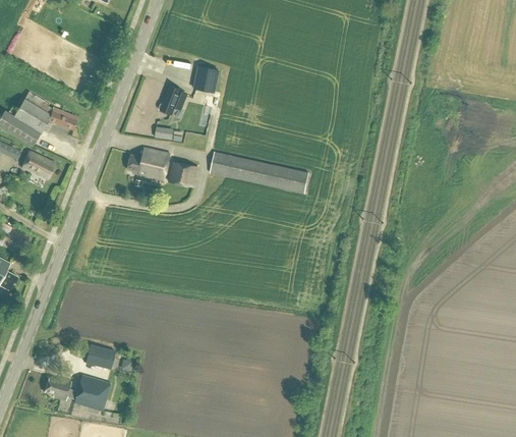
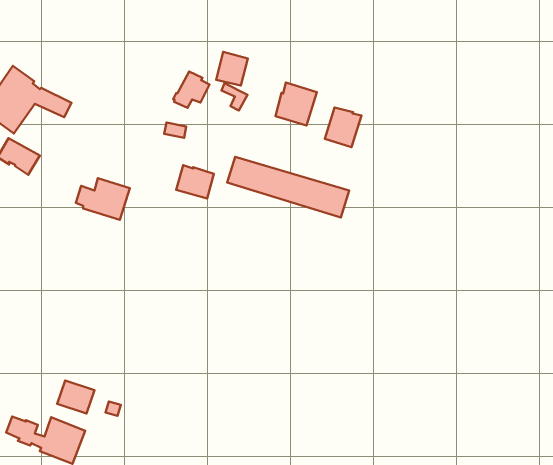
building: none -> [275,83,317,126]
building: none -> [325,107,361,147]
building: [127,147,170,179] -> [76,178,130,220]

